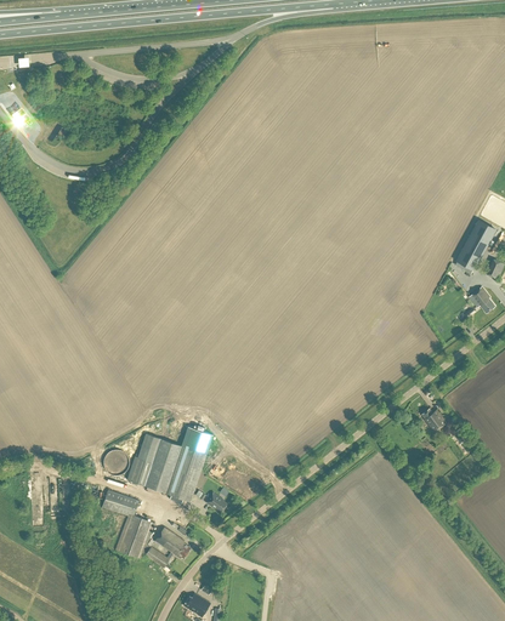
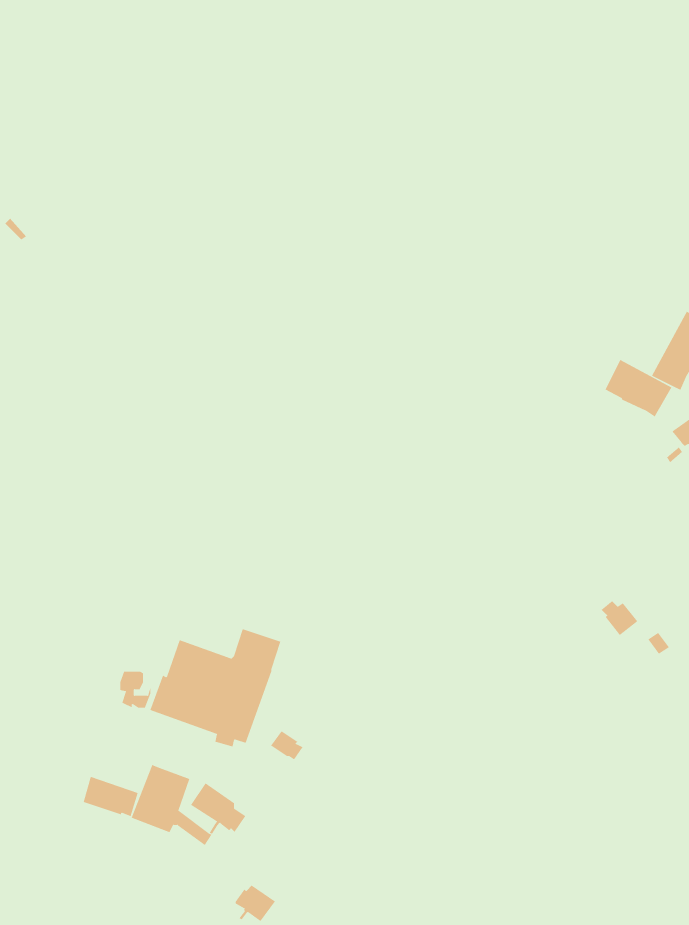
building: none -> [605,359,672,418]
building: [102,489,138,515] -> [83,776,139,817]

